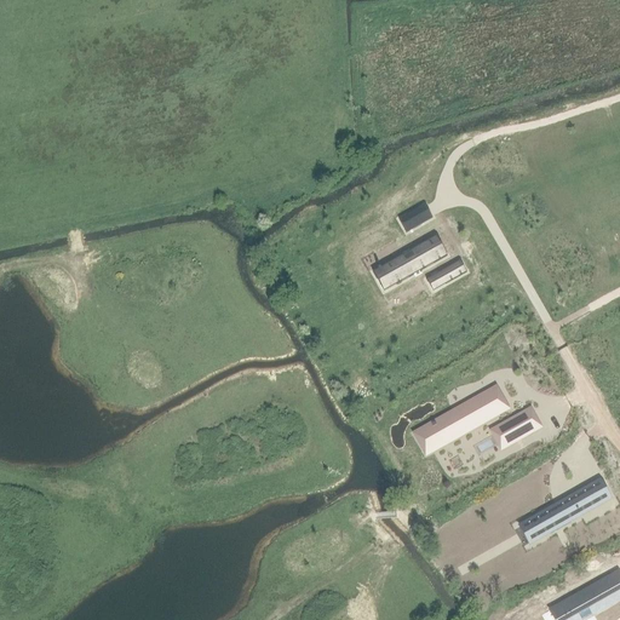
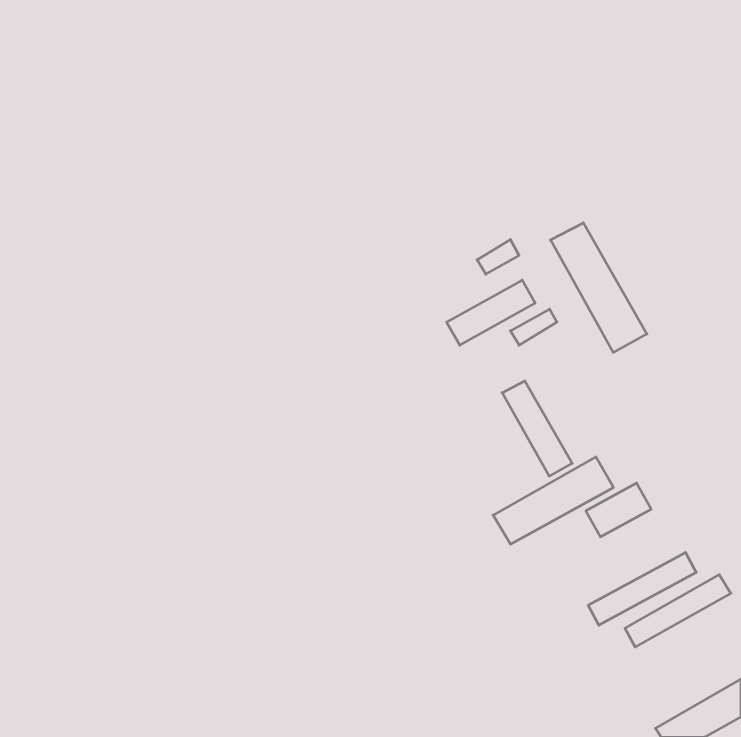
building: none -> [550,223,647,352]
building: none -> [502,381,572,476]
building: none -> [588,552,696,625]

